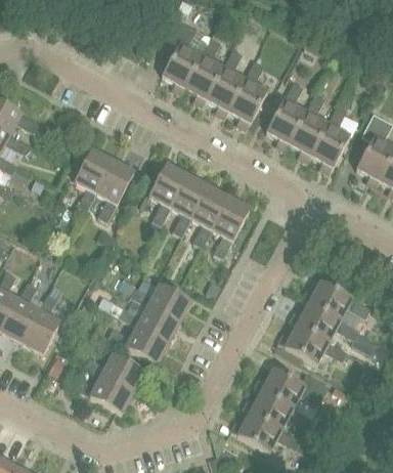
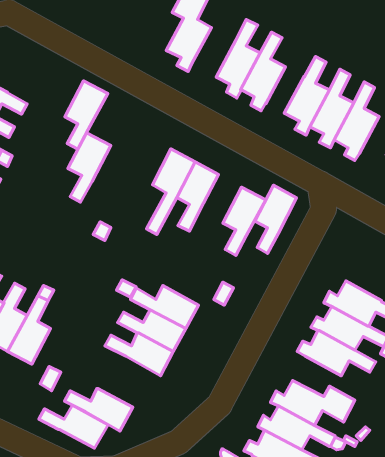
building: [184,37,223,105] -> none
building: [96,160,134,220] -> [65,81,108,149]
building: [191,185,228,246] -> [255,185,297,253]
building: [83,353,144,391] -> [39,405,108,448]

